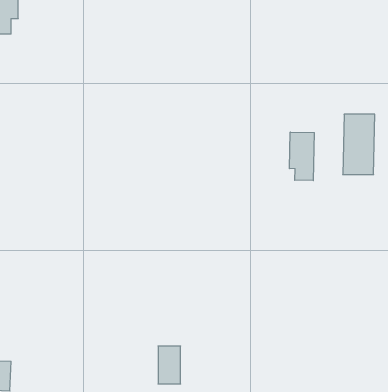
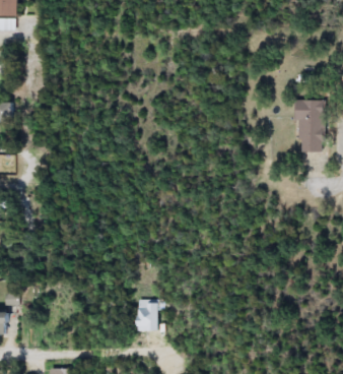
building: [289,132,314,181] -> none

